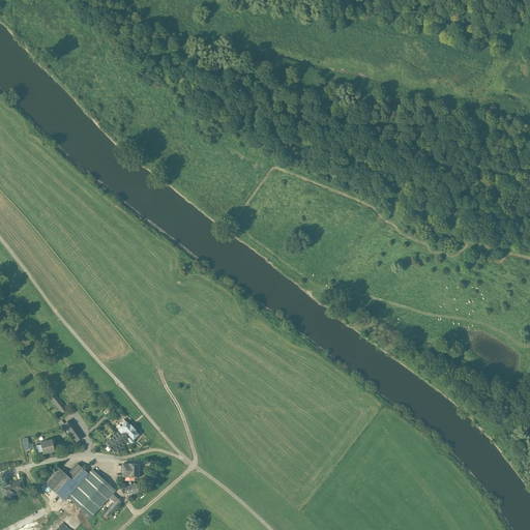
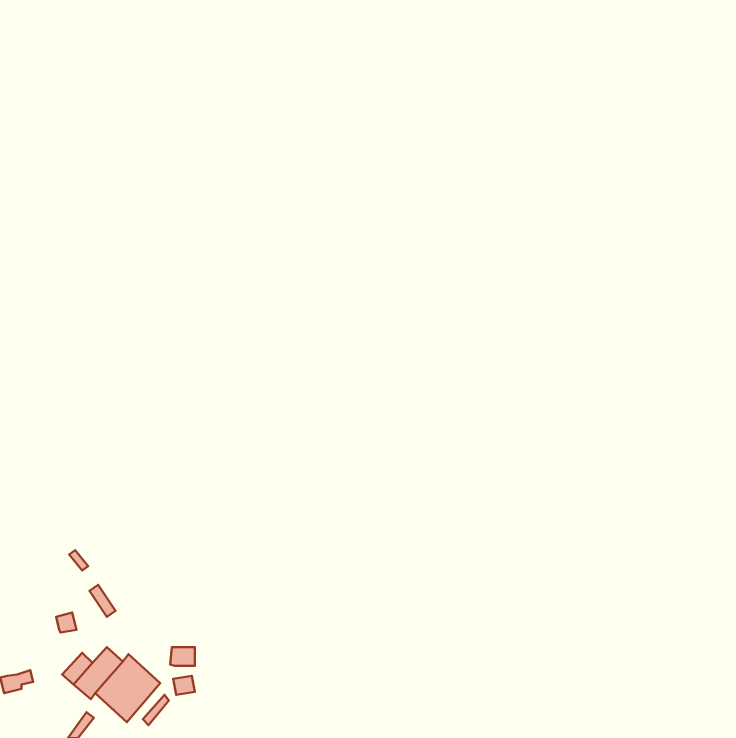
building: [107,419,140,453] -> none

